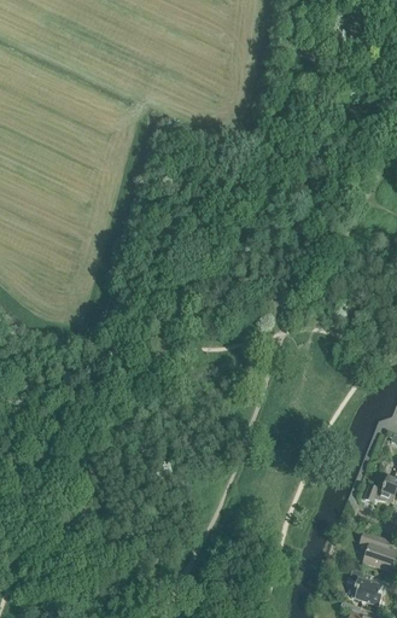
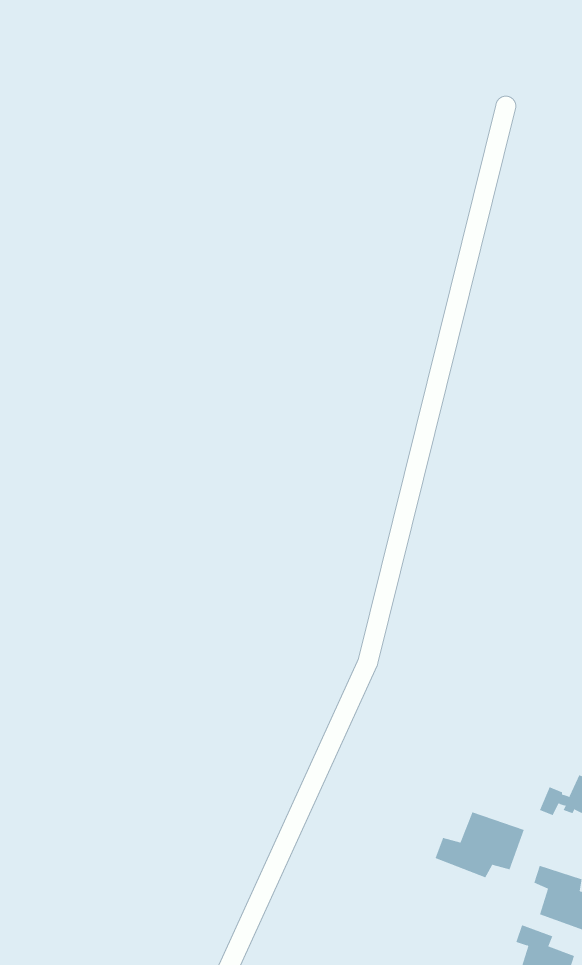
building: none -> [435,812,524,878]

